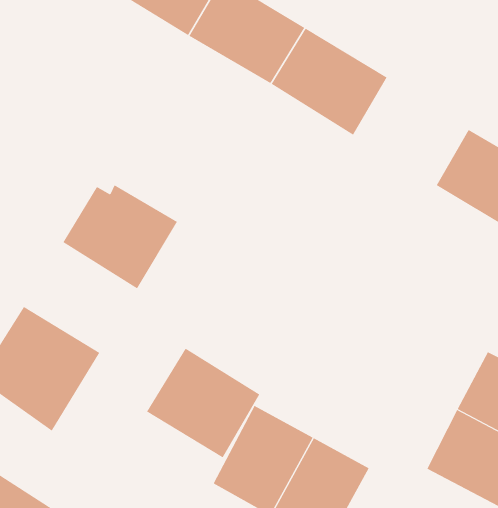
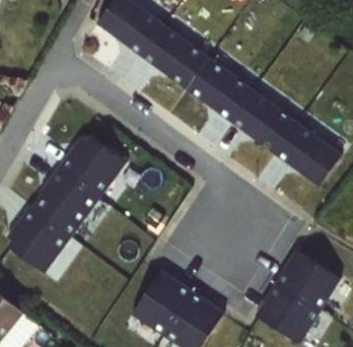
building: none -> [229,88,295,152]
building: [146,348,260,458] -> [32,166,98,231]

